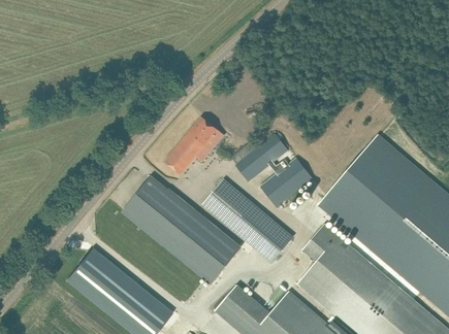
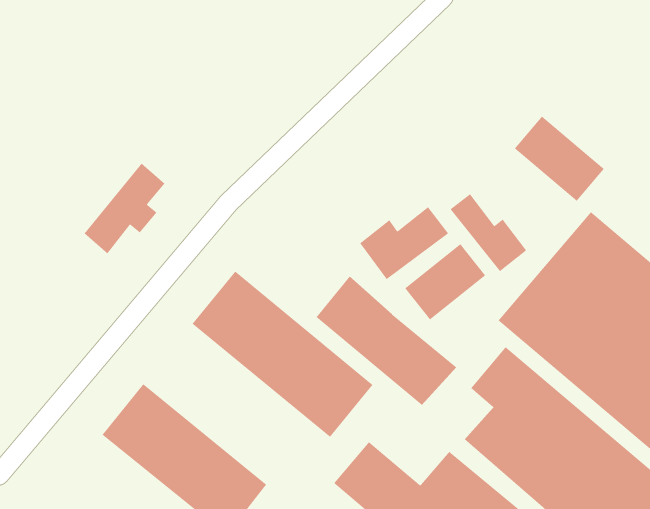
building: none -> [514,116,605,202]
building: [164,115,217,174] -> [83,163,166,254]
building: none -> [449,193,527,272]

